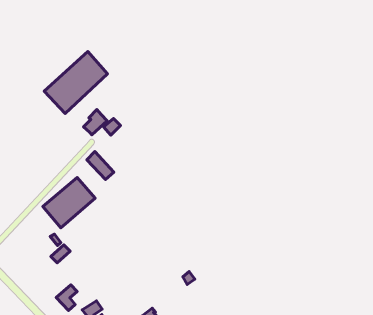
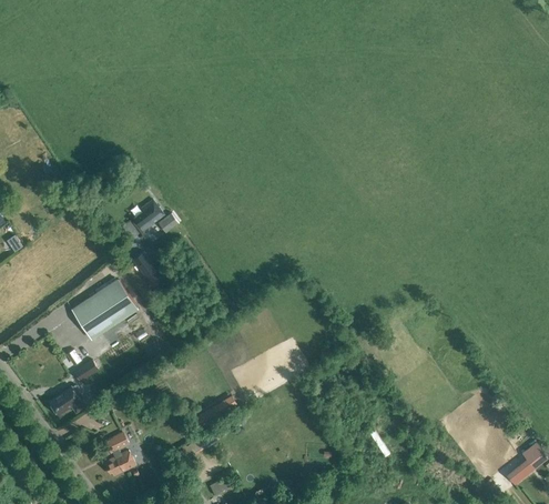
building: [44,51,108,114] -> none
building: none -> [48,385,83,415]

